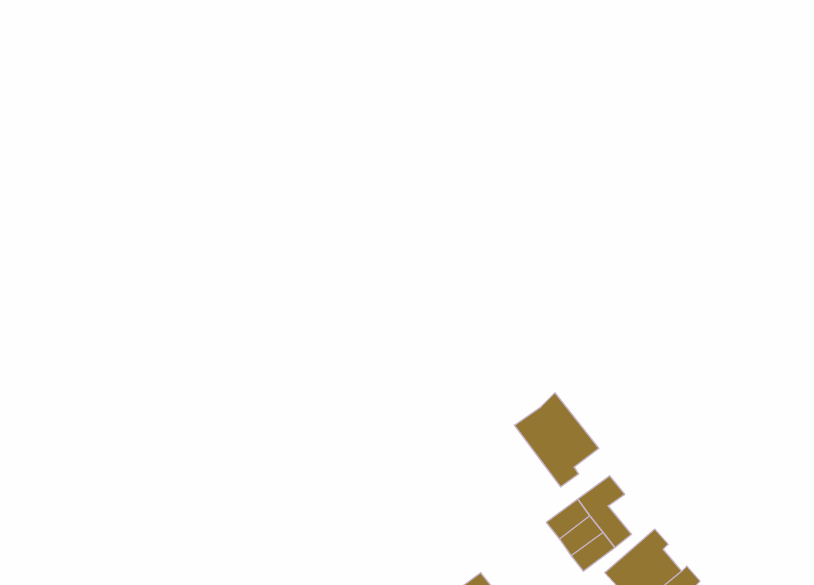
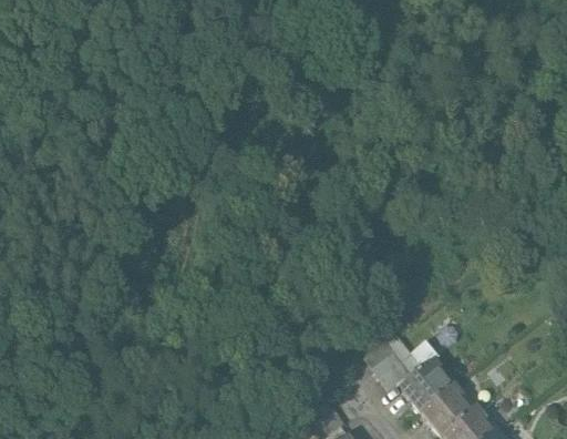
building: [514,393,599,487] -> none

